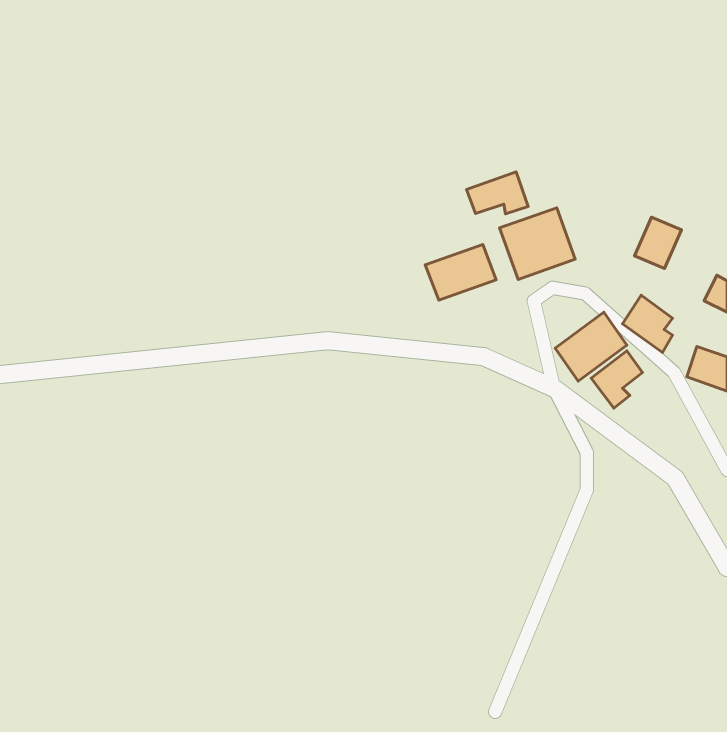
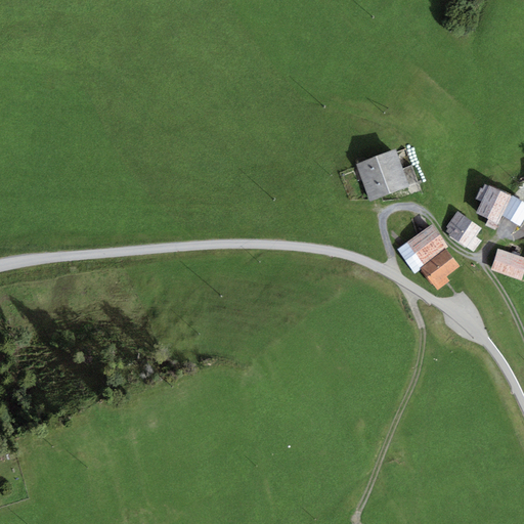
building: [466,172,528,214] -> none
building: [634,217,682,269] -> [475,186,509,223]
building: [425,245,496,300] -> none

